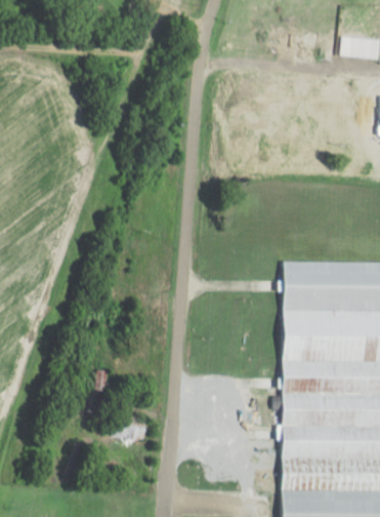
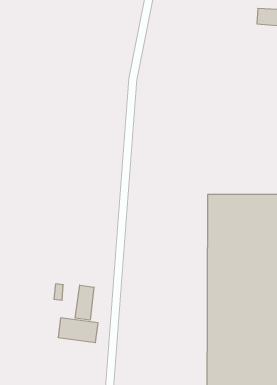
building: none -> [75,285,94,320]

